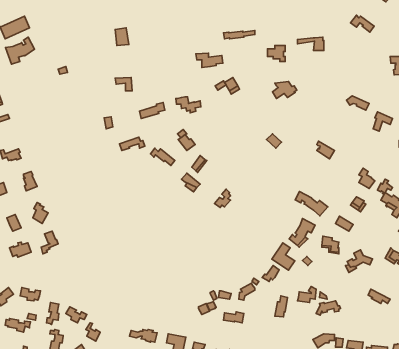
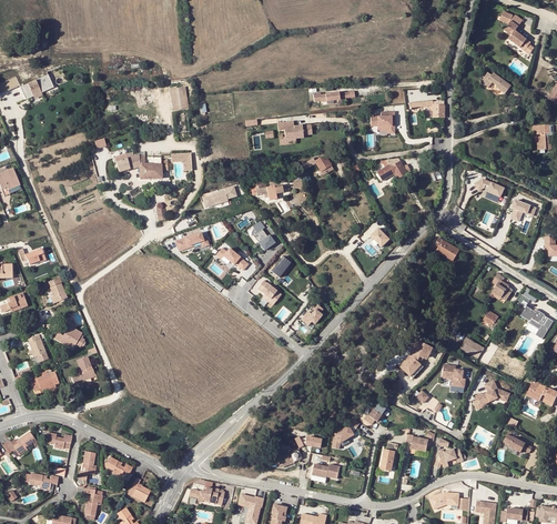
building: [6,37,35,64] -> none
building: none -> [115,151,166,178]
building: [295,191,328,216] -> none
building: [272,243,295,270] -> none

